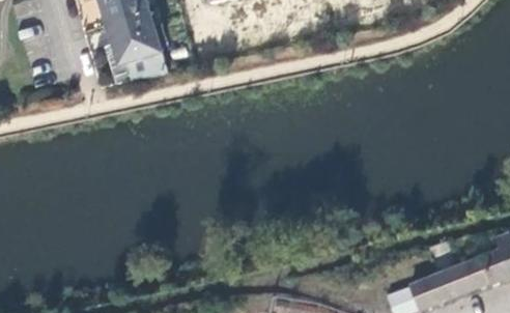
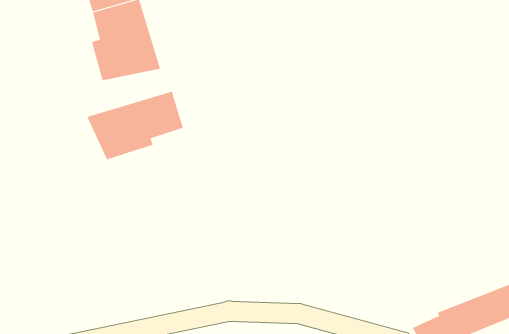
building: none -> [87,91,184,160]

